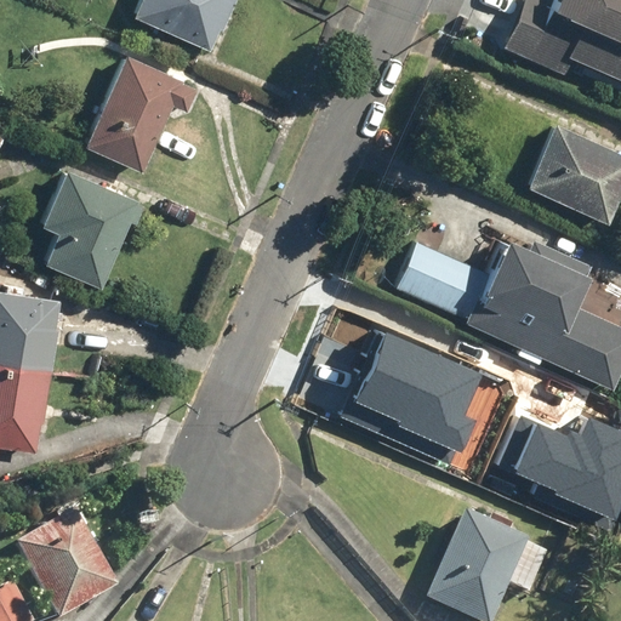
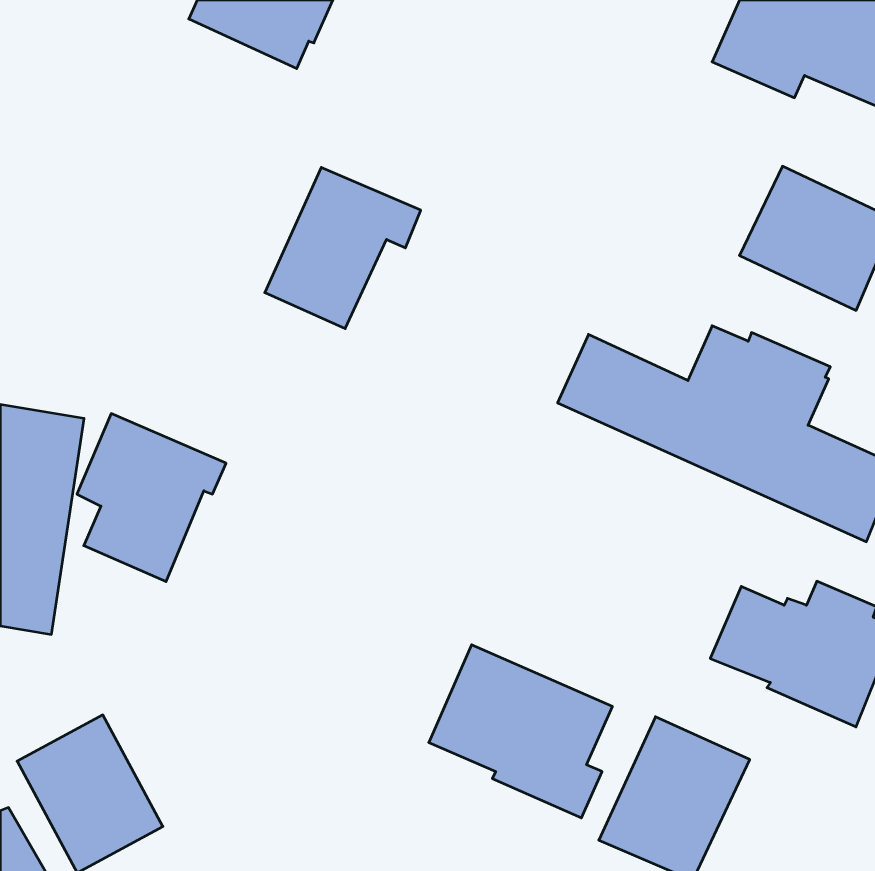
building: [86,57,196,171] -> [265,167,421,329]
building: [40,170,146,289] -> [77,414,226,582]
building: [343,327,473,450] -> [429,645,612,818]

